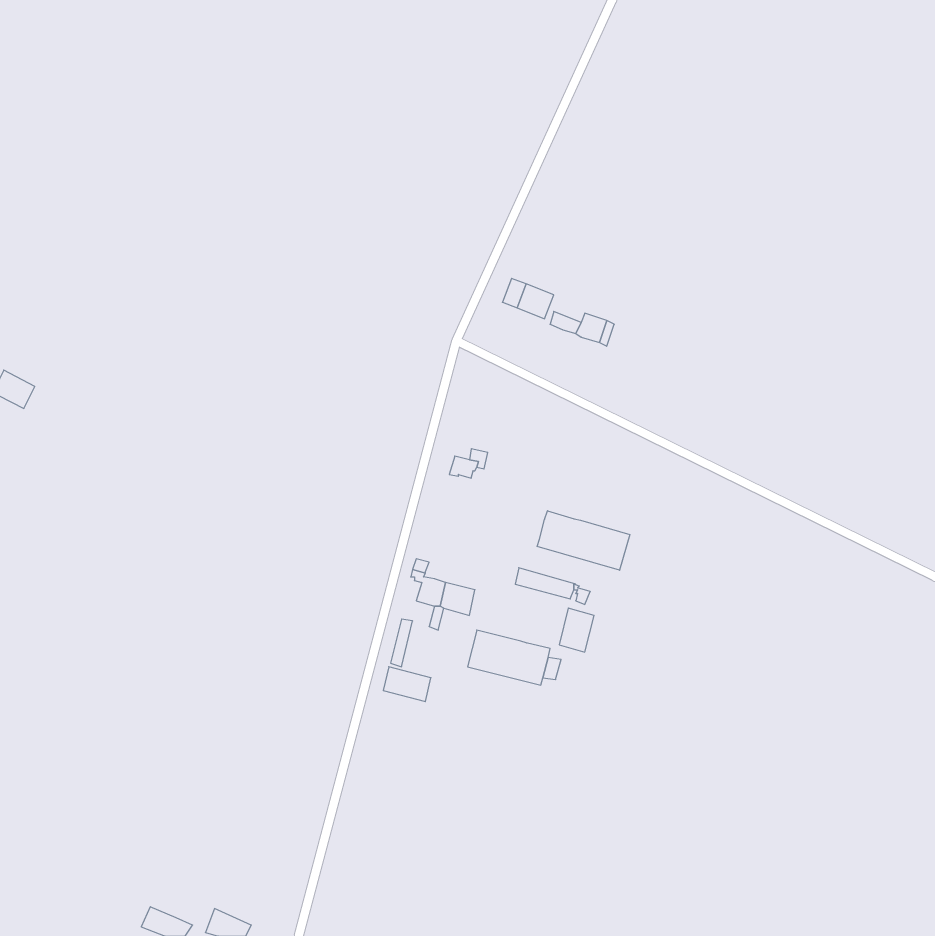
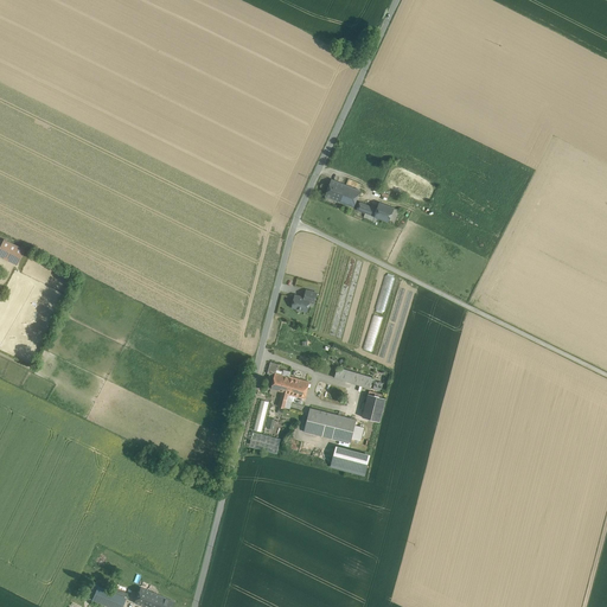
building: [537,511,630,570] -> none
building: none -> [331,448,366,474]

